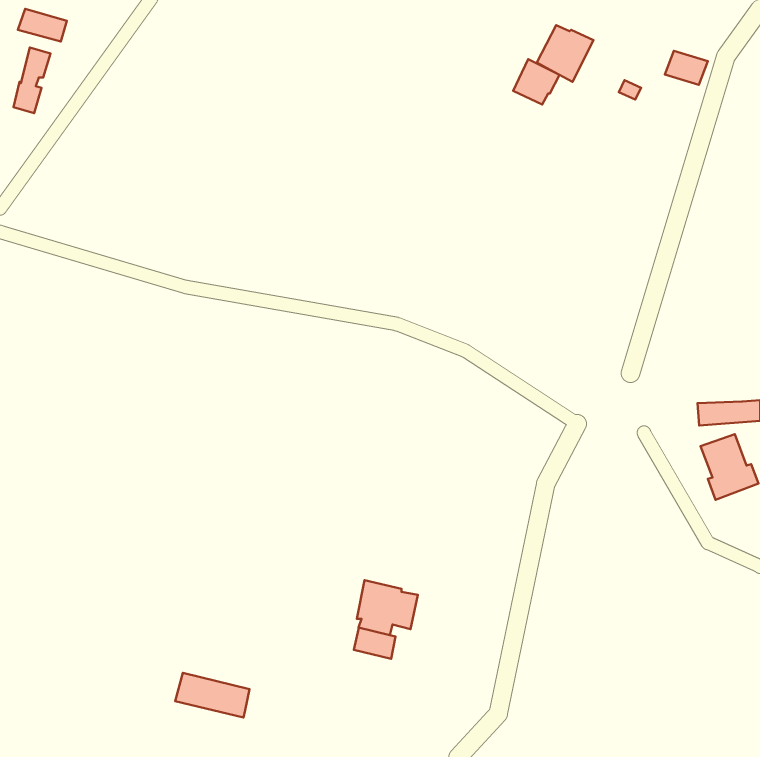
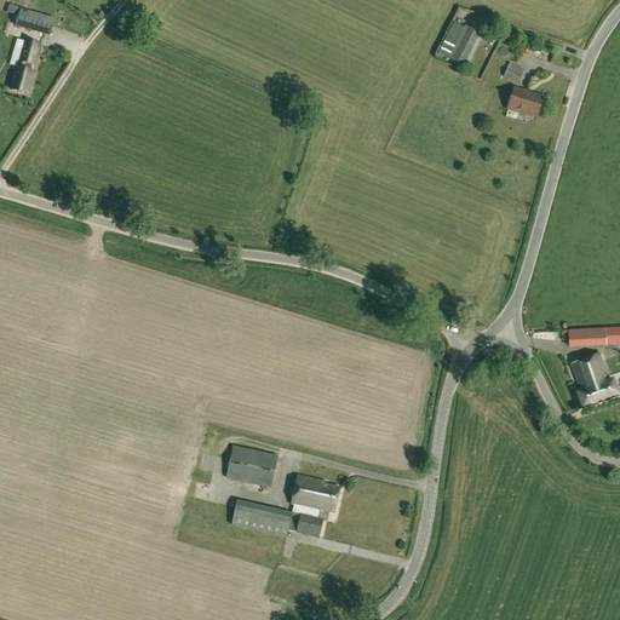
building: [665,51,708,85] -> [507,87,542,115]
building: [513,59,560,104] -> none
building: none -> [225,444,277,487]
building: [175,673,250,718] -> [231,499,292,535]

